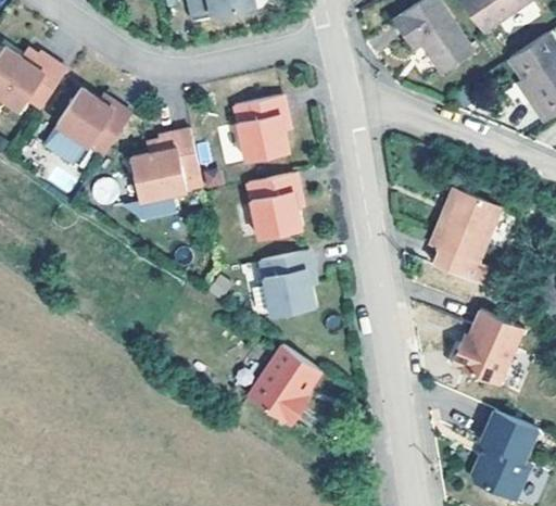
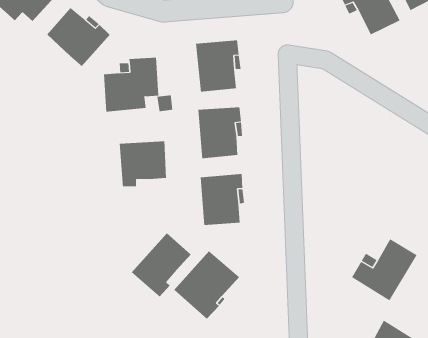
building: [46,122,89,163] -> none
building: [438,182,506,278] -> none
building: none -> [119,140,166,187]
building: none -> [131,233,191,298]

